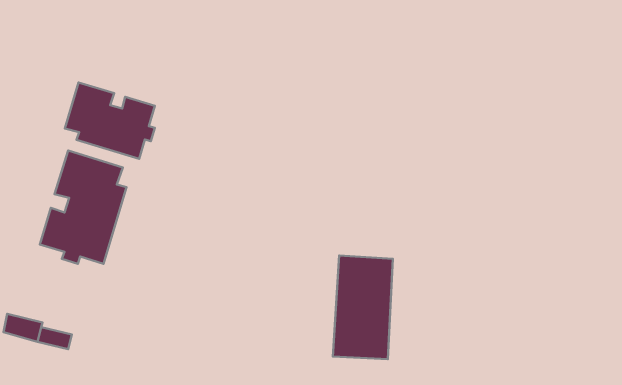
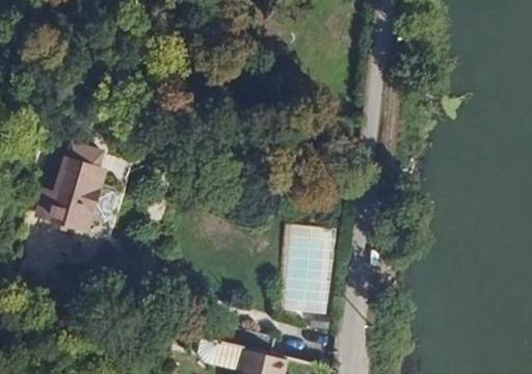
building: [65,83,155,159] -> none

